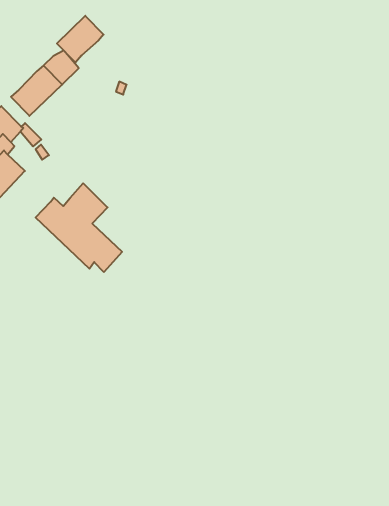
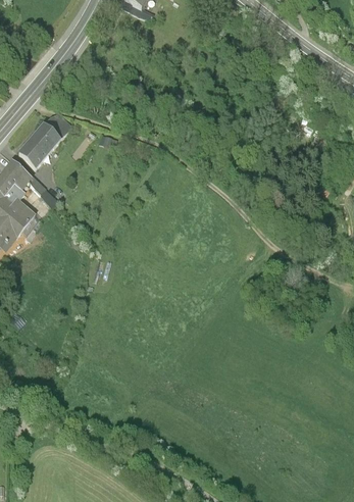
building: [57,16,104,63] -> none
building: [36,183,122,272] -> none

